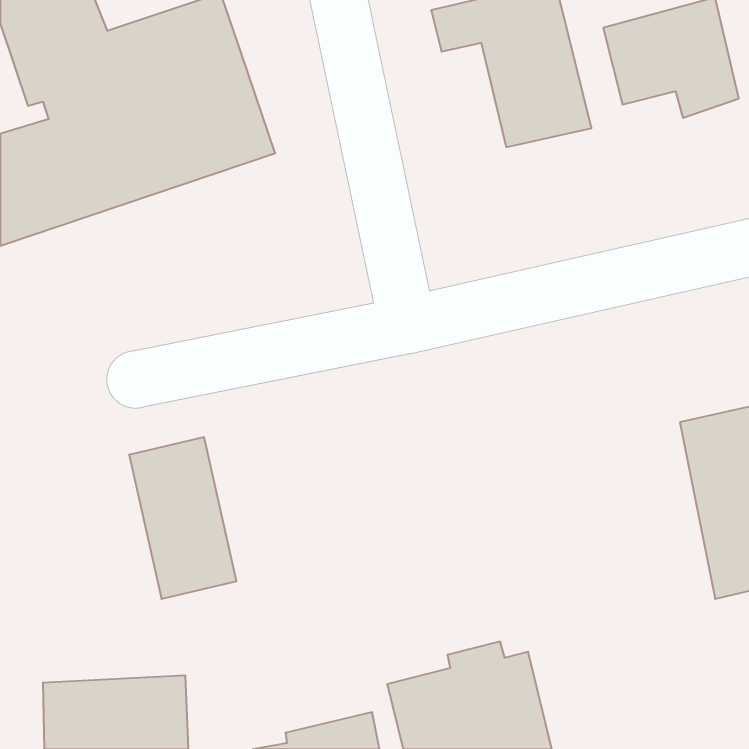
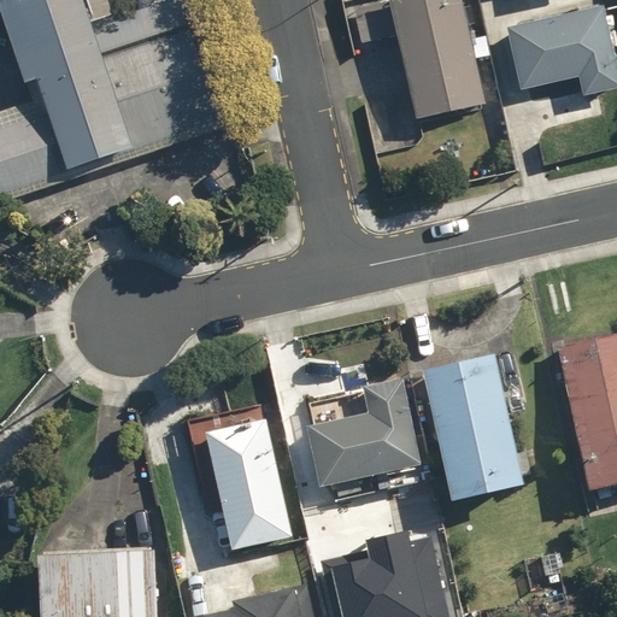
building: none -> [422,357,524,505]
building: [129,437,236,599] -> [205,419,293,552]
building: none -> [283,377,421,509]

